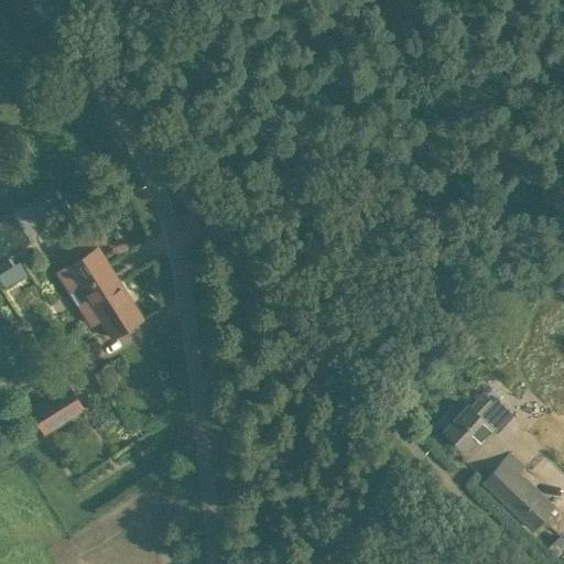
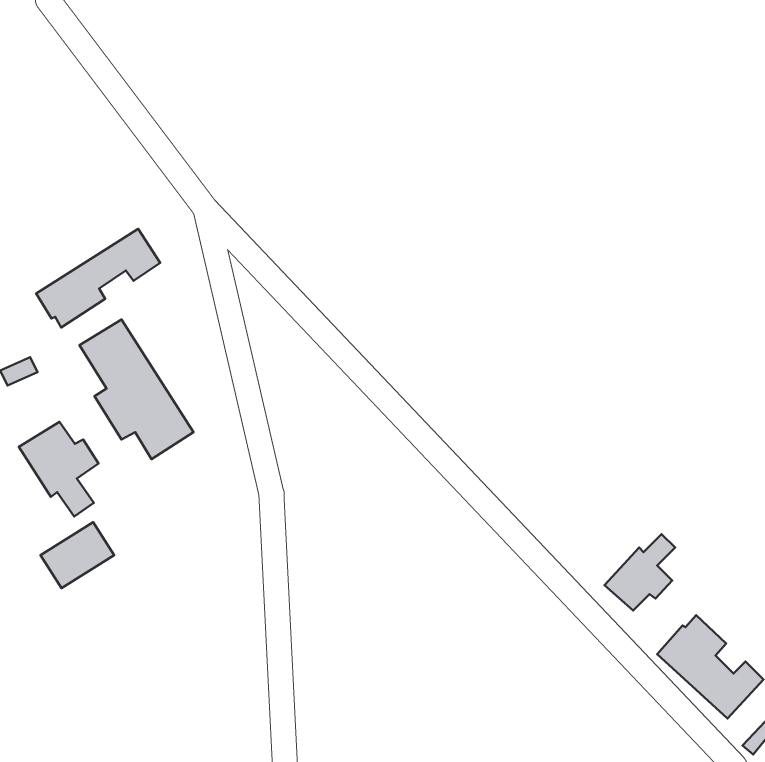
building: none -> [36,229,160,328]
building: none -> [19,422,99,516]

